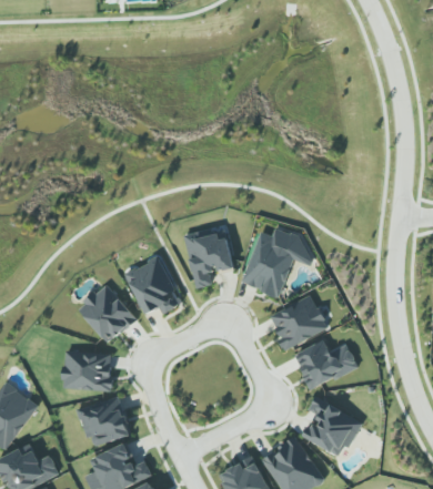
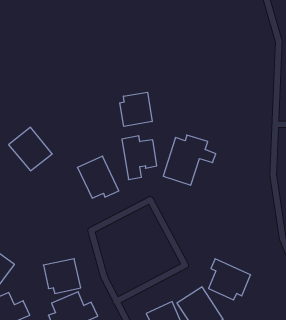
building: none -> [120,92,152,126]
building: [77,283,137,343] -> [9,127,52,171]
building: [269,294,328,349] -> none
building: [294,340,358,388] -> none
building: [62,350,112,390] -> none

